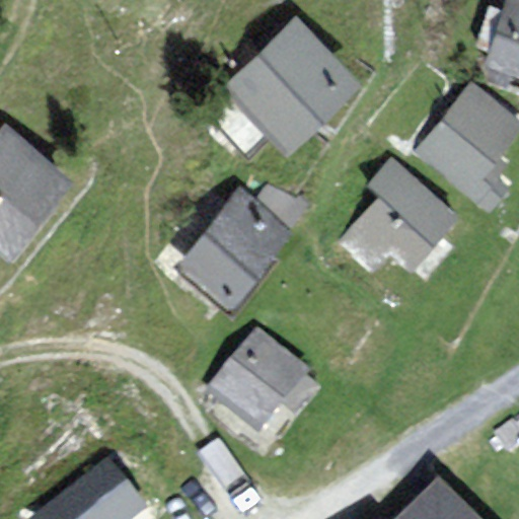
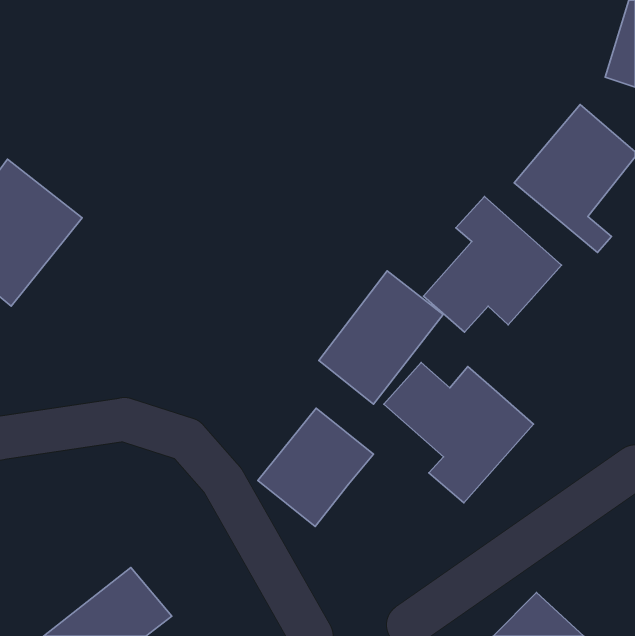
building: [232,24,355,146] -> none
building: [184,197,286,305] -> [319,271,443,404]
building: none -> [384,363,533,503]

